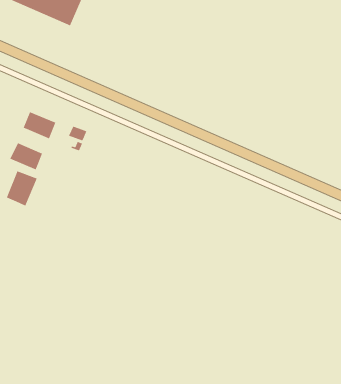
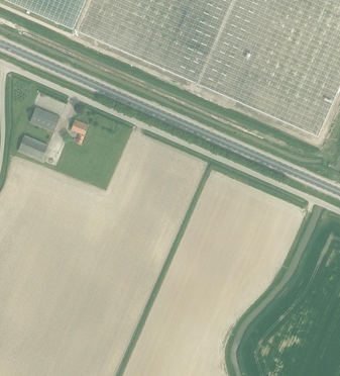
building: [6,171,37,206] -> none

